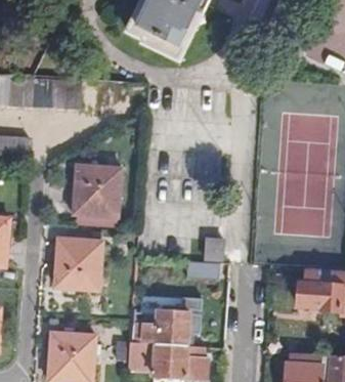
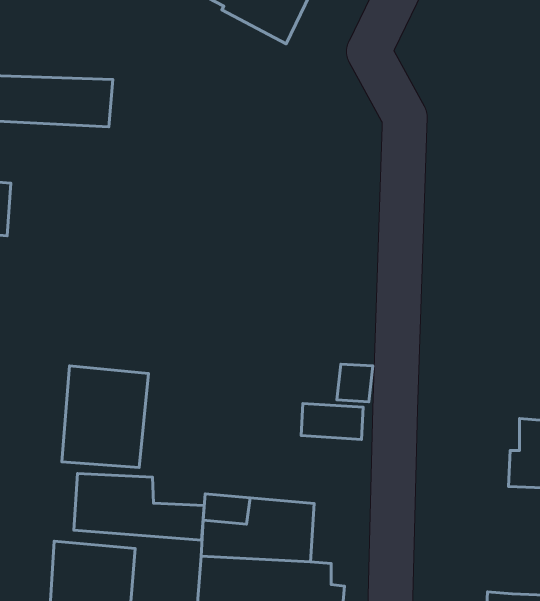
building: [73,162,122,216] -> none
building: none -> [74,474,204,540]

